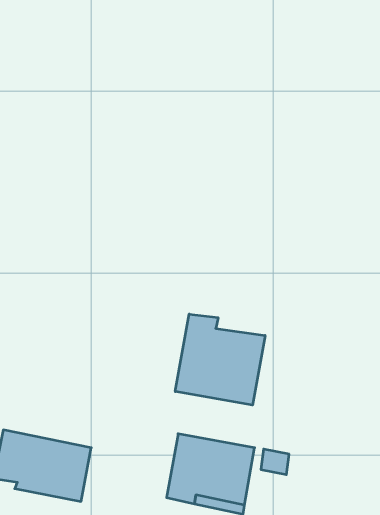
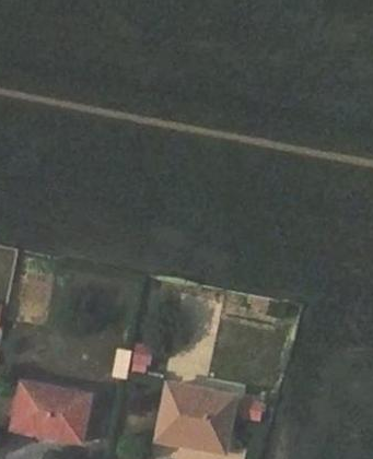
building: [175,314,265,405] -> none

